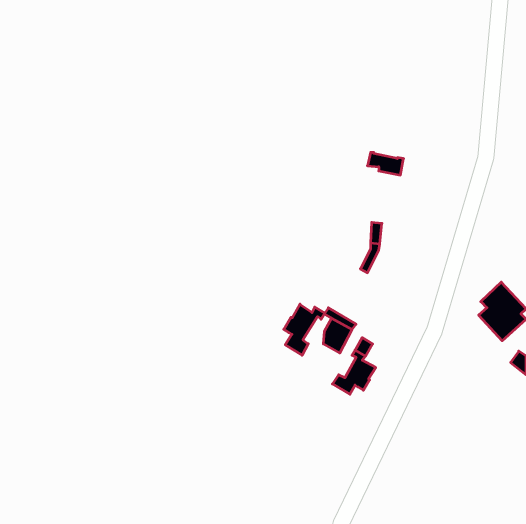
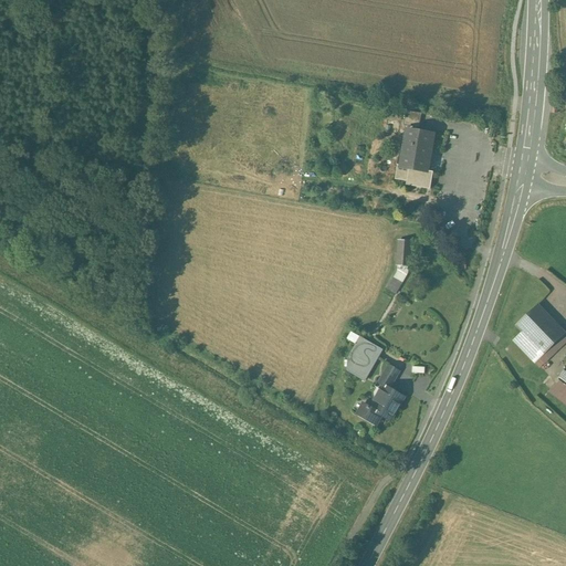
building: none -> [401,128,433,170]
building: [284,304,325,355] -> none

